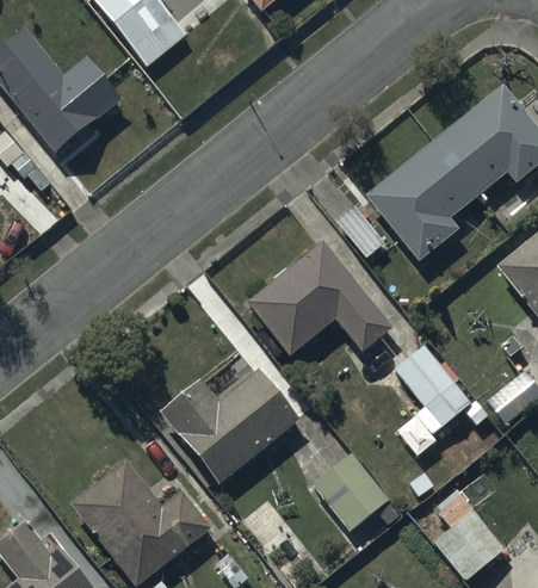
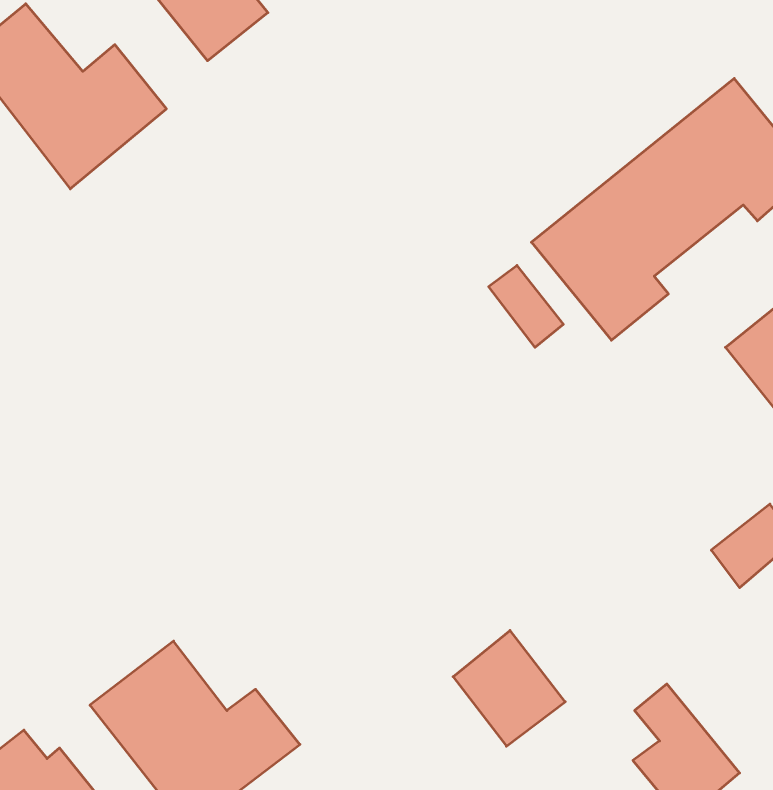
building: [245,240,389,354] -> none
building: [395,345,472,434] -> none
building: [161,366,301,483] -> none

